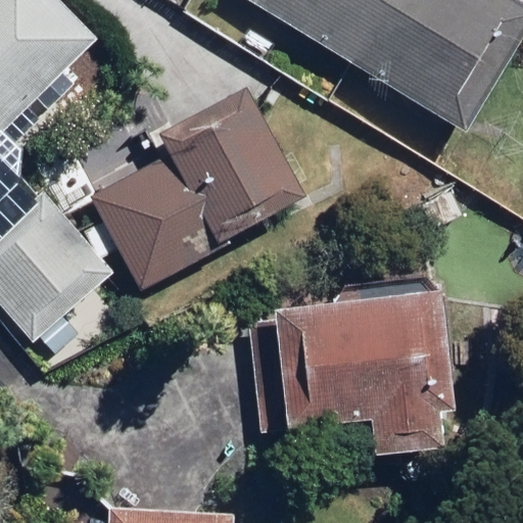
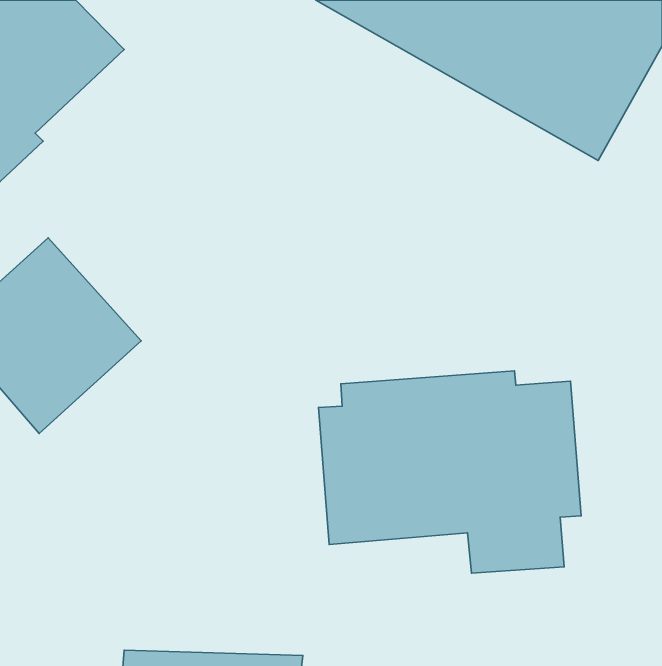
building: [98,85,306,287] -> none

